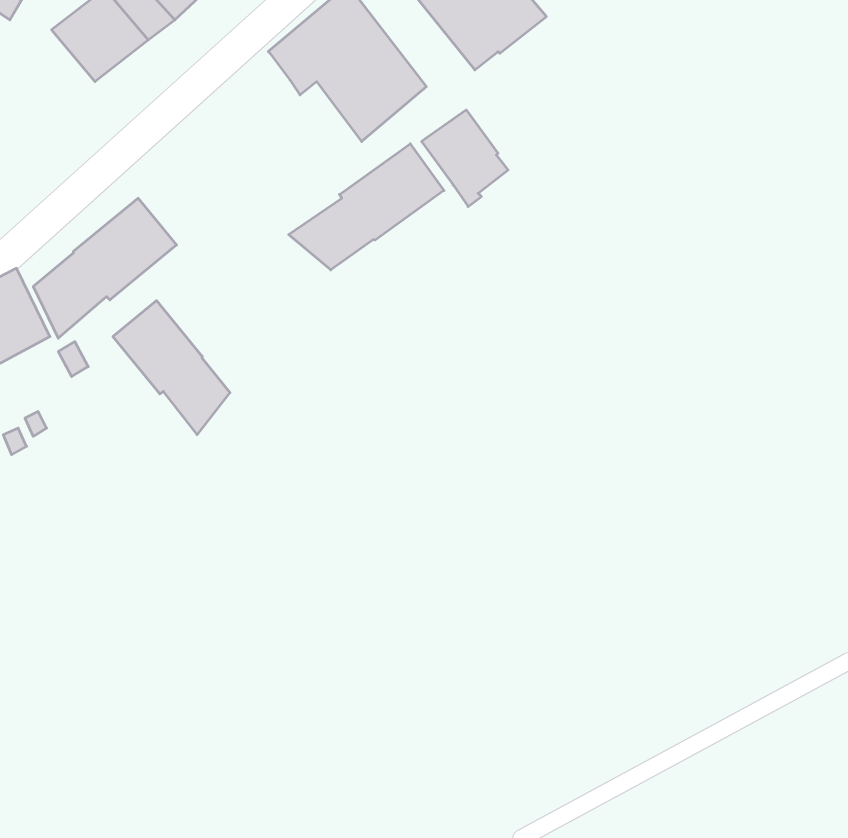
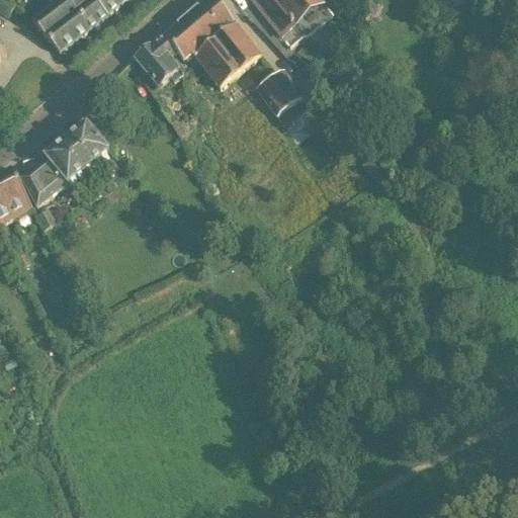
building: none -> [134,32,182,84]
building: [289,144,444,270] -> none
building: [113,301,230,435] -> none

